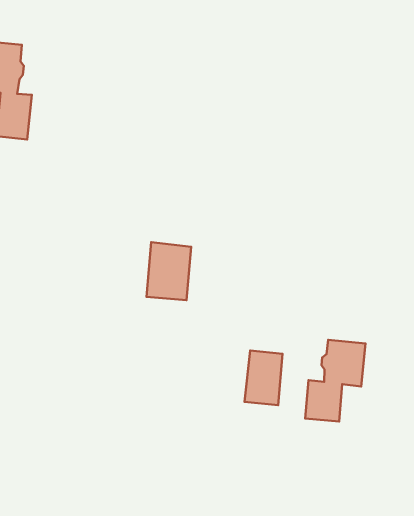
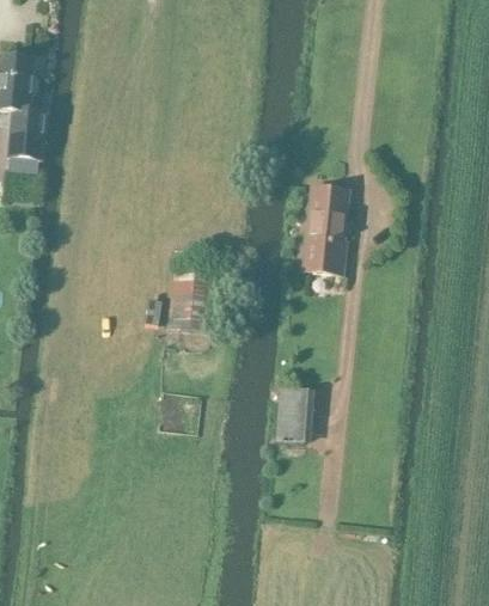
building: none -> [302,185,349,274]
building: [305,340,366,421] -> none

